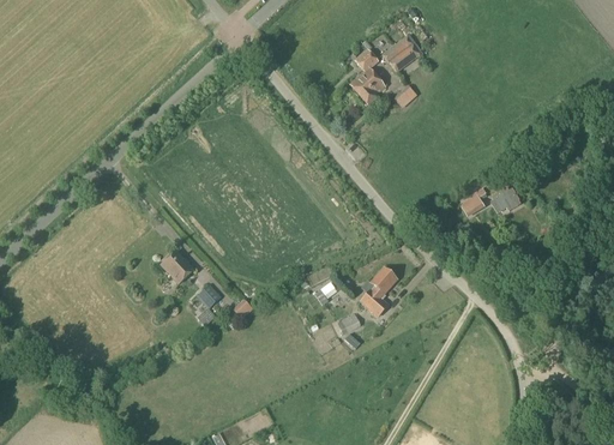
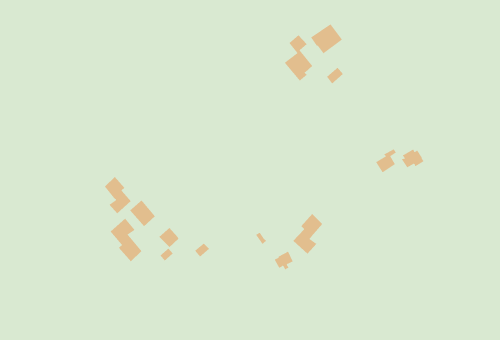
building: none -> [104,176,132,214]
building: none -> [110,218,142,262]

